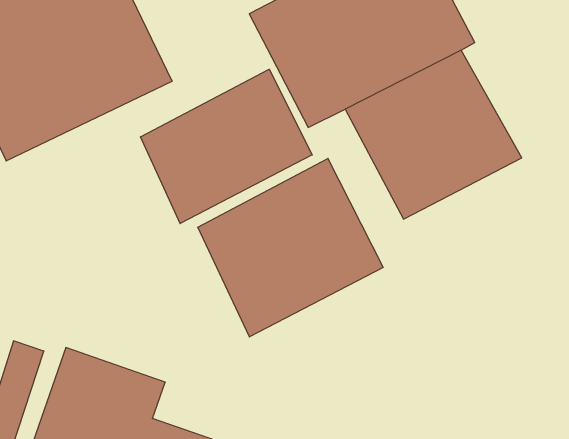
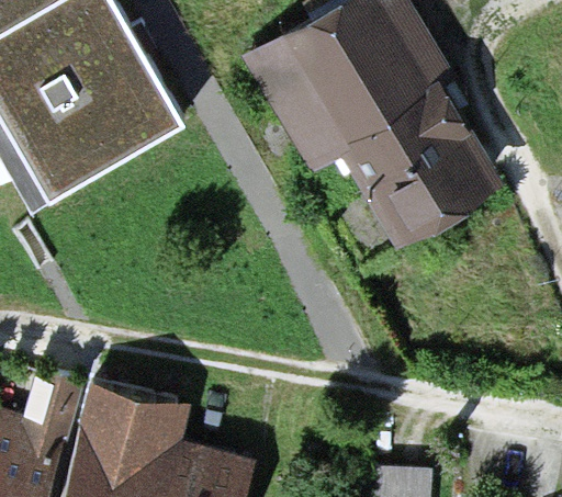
building: [141,69,312,224] -> none
building: [198,158,383,337] -> none

